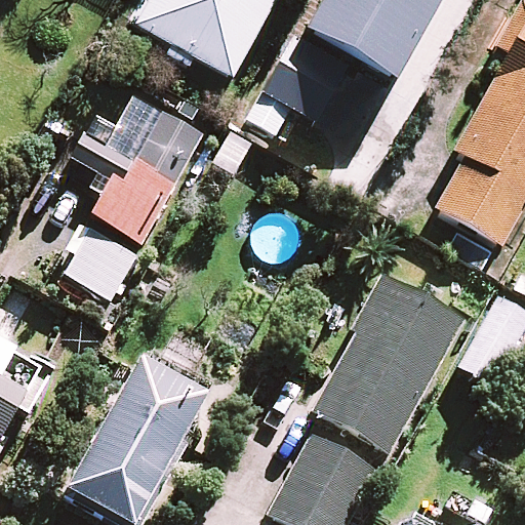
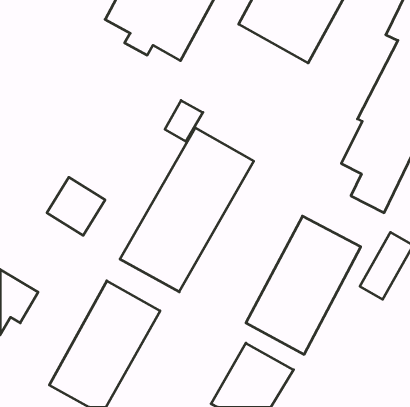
building: [45,93,207,246] -> none
building: none -> [120,128,254,292]

